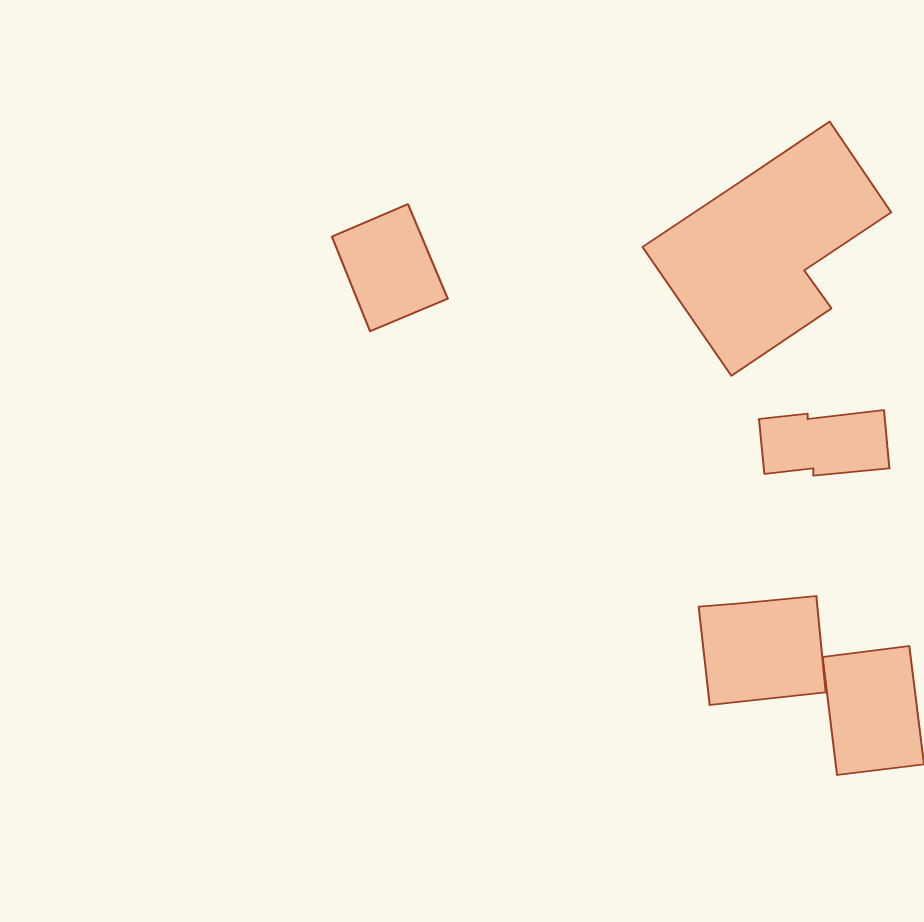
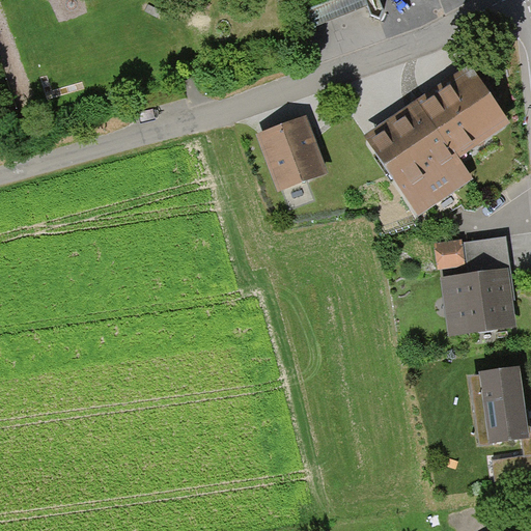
building: [332,204,448,331] -> [260,119,327,192]
building: [699,596,826,705] -> [441,268,513,330]

